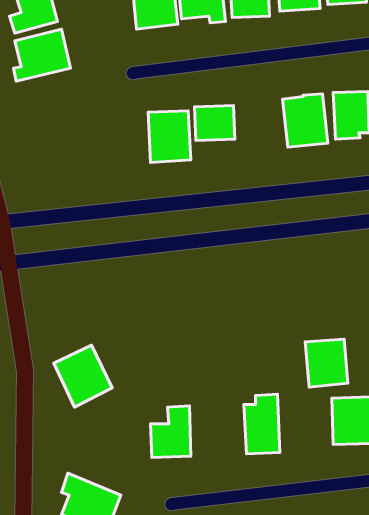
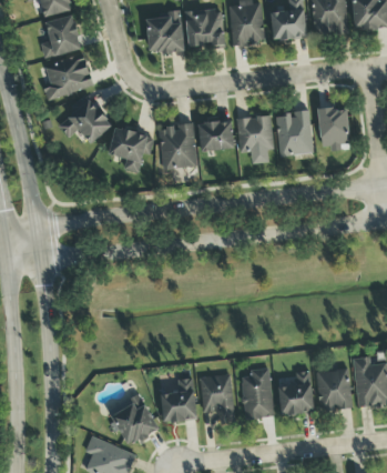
building: none -> [60,98,113,144]
building: none -> [236,114,274,152]
building: none -> [109,128,154,172]
building: [305,339,348,387] -> [277,373,314,414]
building: [54,345,112,407] -> [109,393,159,446]
building: none -> [201,374,235,423]

